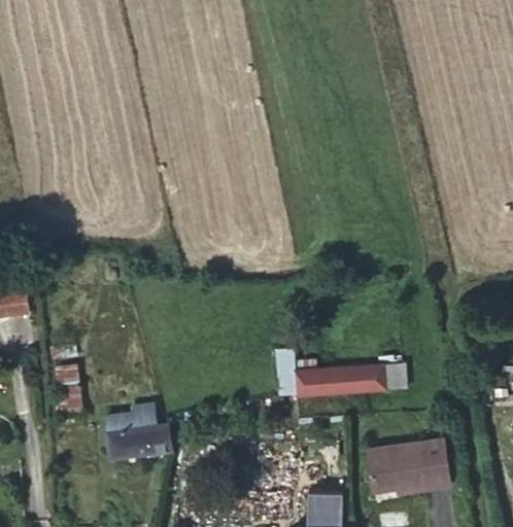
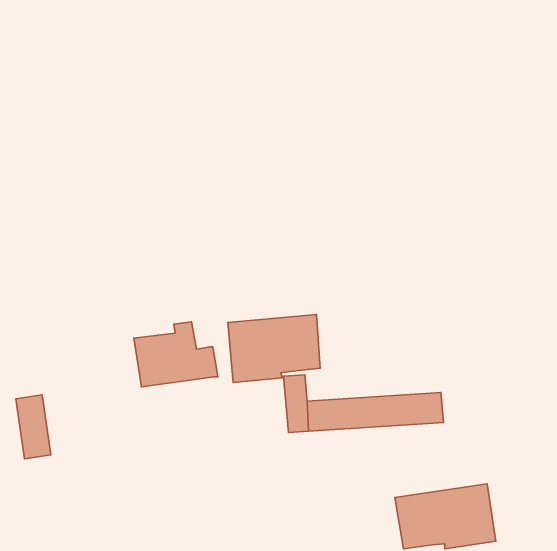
building: none -> [228,315,320,382]
building: [104,403,173,457] -> [134,322,218,387]

